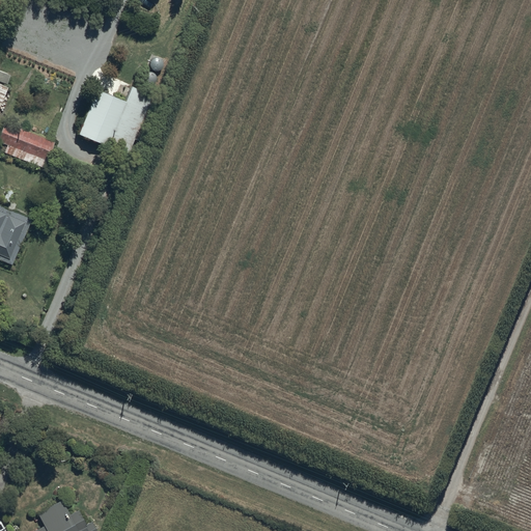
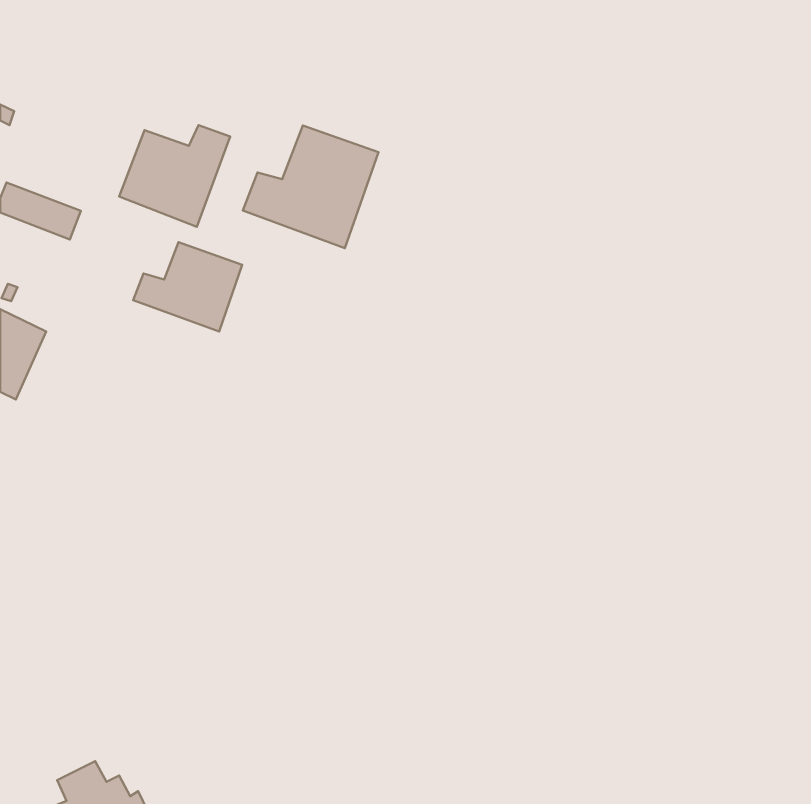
building: none -> [243,125,379,248]
building: none -> [133,242,242,332]

